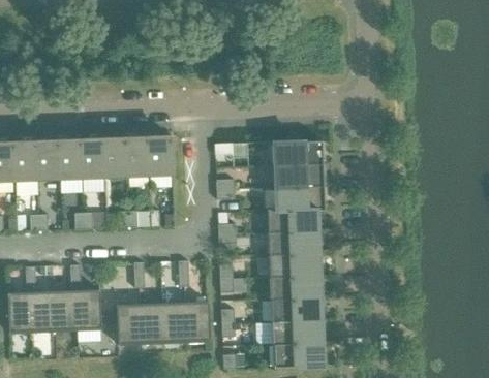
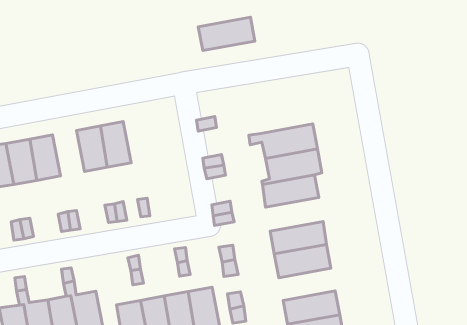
building: [147,136,173,176] -> none
building: [80,138,104,179] -> none
building: [272,140,323,165] -> [198,17,255,51]
building: [268,232,319,257] -> none
building: [271,300,322,323] -> none

